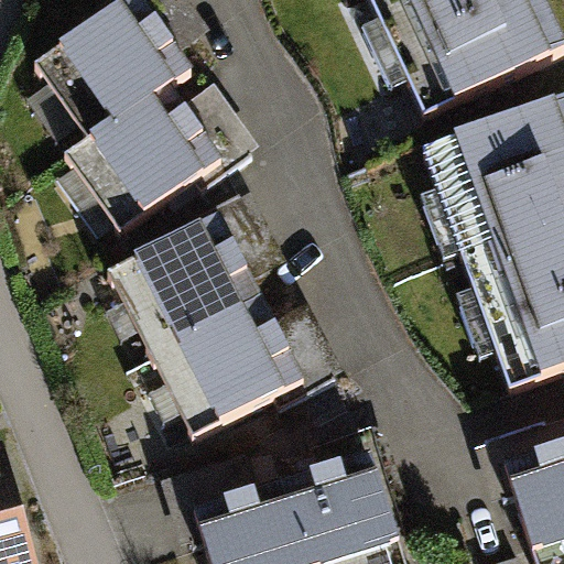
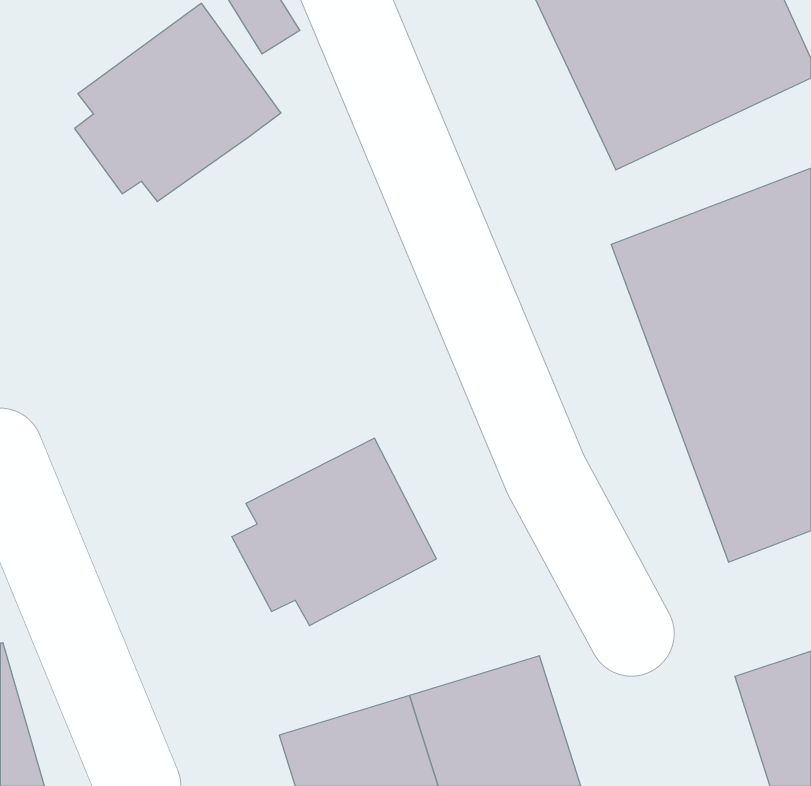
building: [86,95,227,228] -> none
building: [119,219,260,349] -> none

